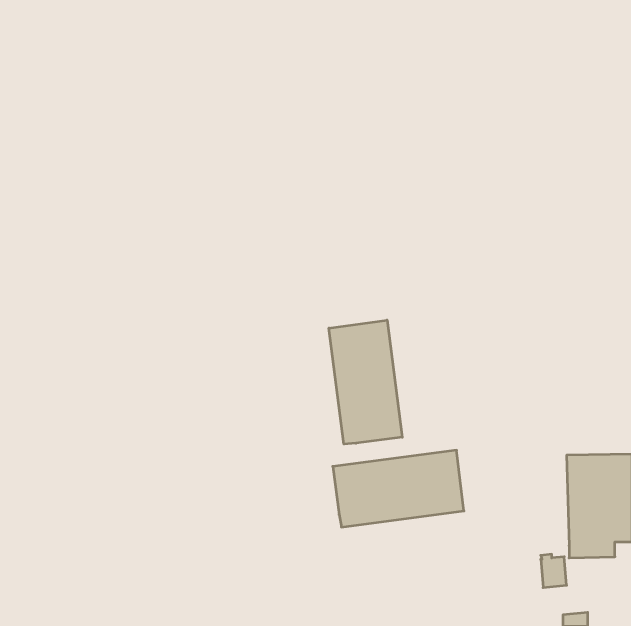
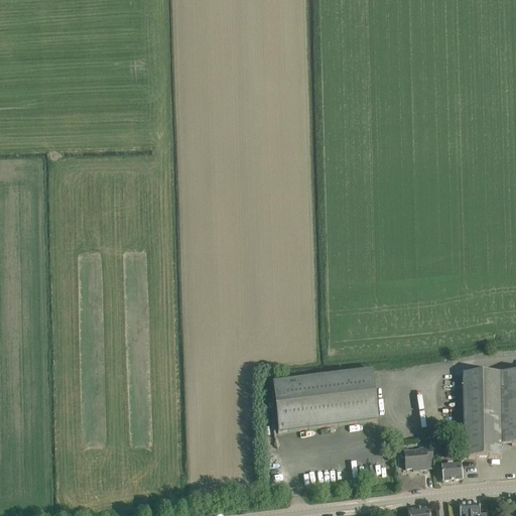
building: [329,320,402,444] -> none
building: none -> [400,444,433,467]

